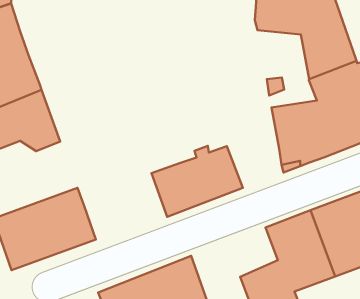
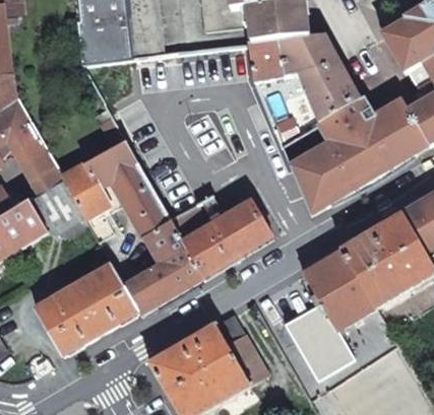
building: none -> [95,109,203,315]
building: none -> [61,162,116,239]

